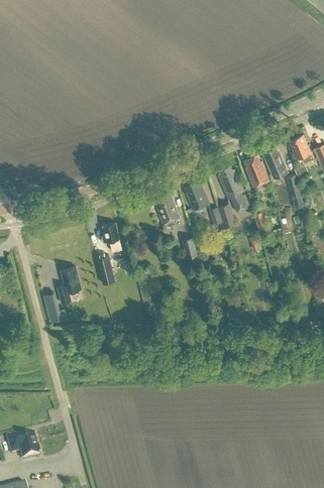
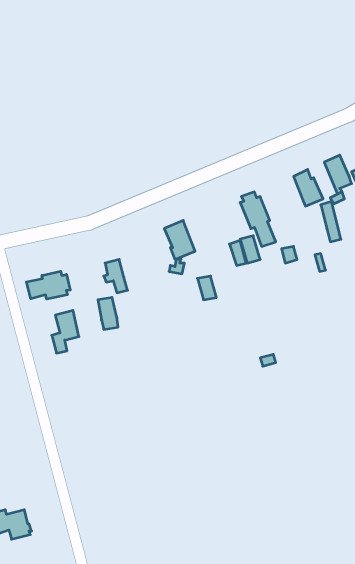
building: [244,155,269,188] -> none
building: [184,180,208,210] -> none
building: none -> [26,271,70,299]
building: [45,291,69,322] -> none

